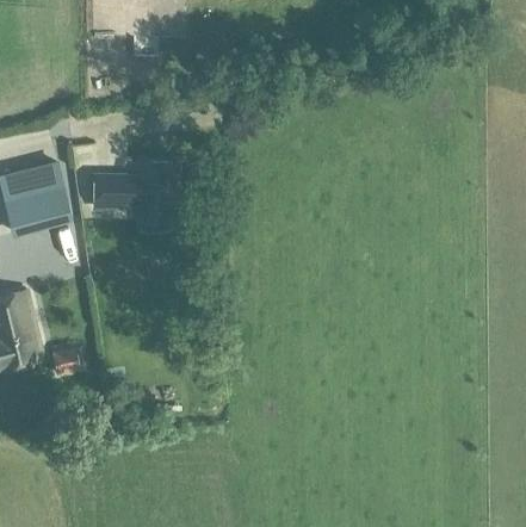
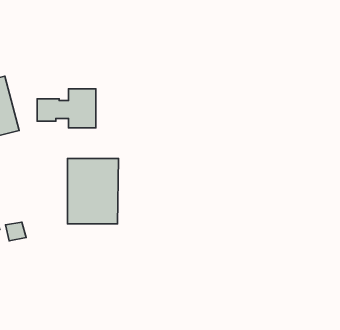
building: none -> [67,159,118,224]

